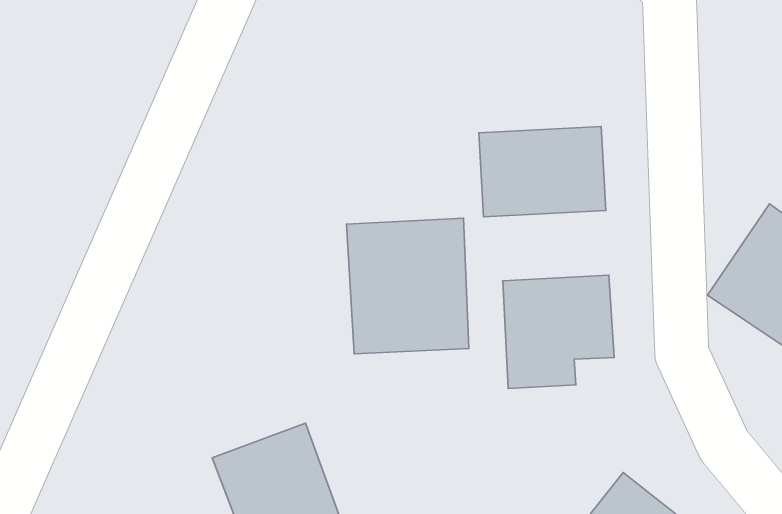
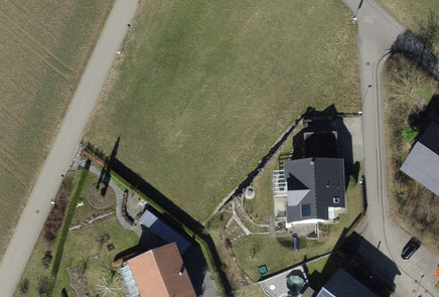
building: [479,127,606,217] -> none
building: [347,218,469,354] -> none

